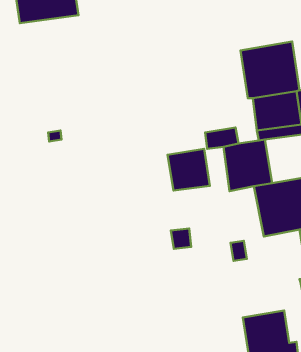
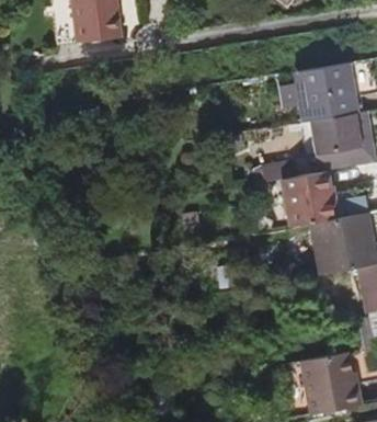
building: [167,149,210,190] -> none

